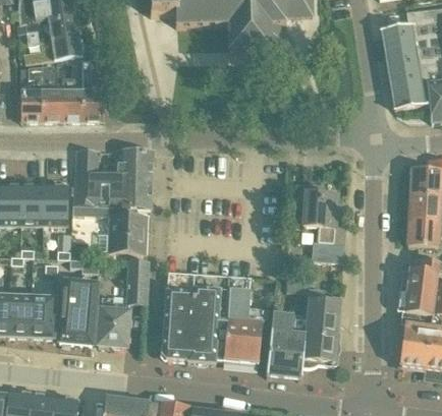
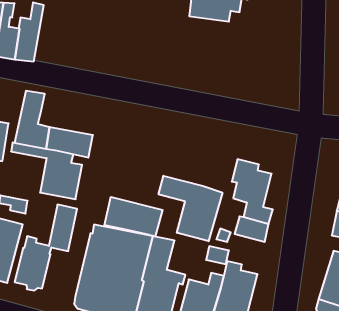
building: [81,61,104,119] -> none
building: [96,150,154,183] -> none
building: none -> [159,176,222,241]
building: none -> [104,197,163,237]

